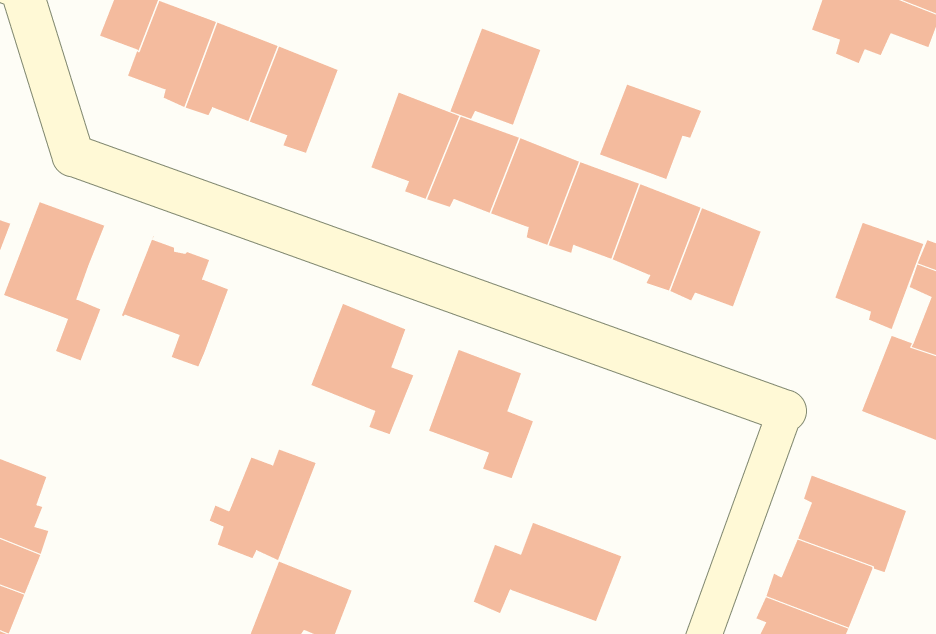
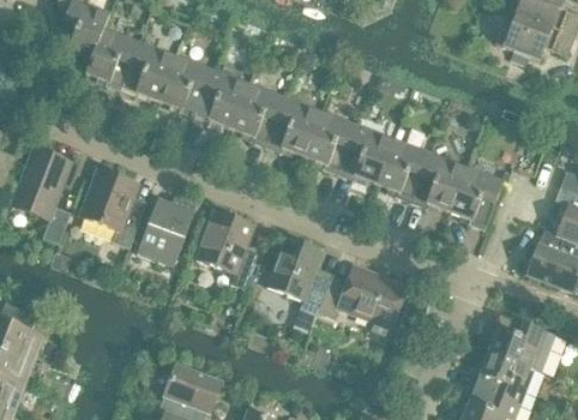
building: [450,28,541,126] -> [193,68,248,127]
building: [599,84,702,180] -> none
building: [834,222,924,330] -> [450,166,504,230]
building: [209,449,317,561] -> [132,196,197,263]
building: [473,522,622,622] -> [317,266,407,326]

